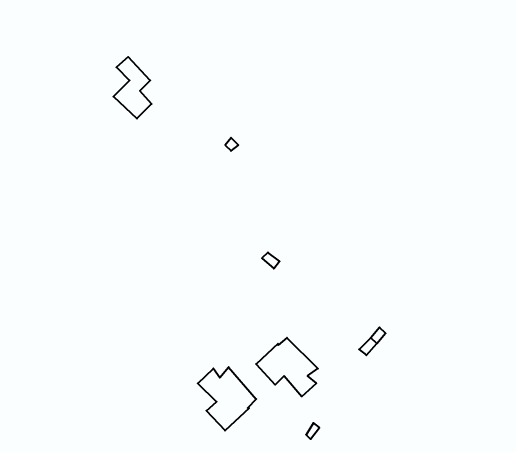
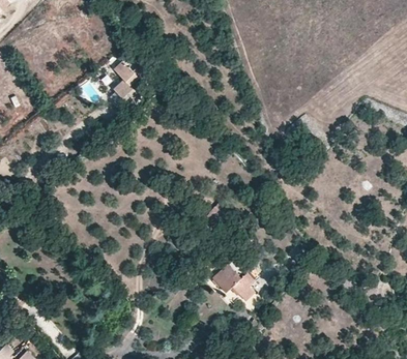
building: [198,367,256,431] -> none

